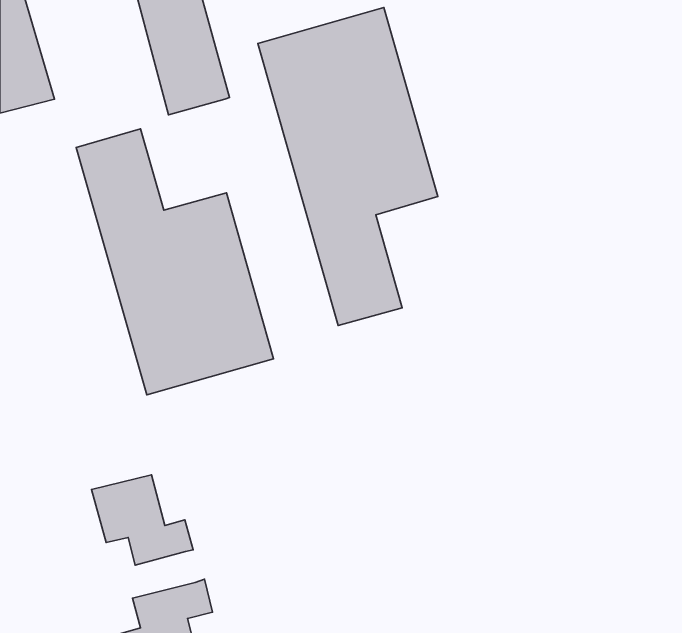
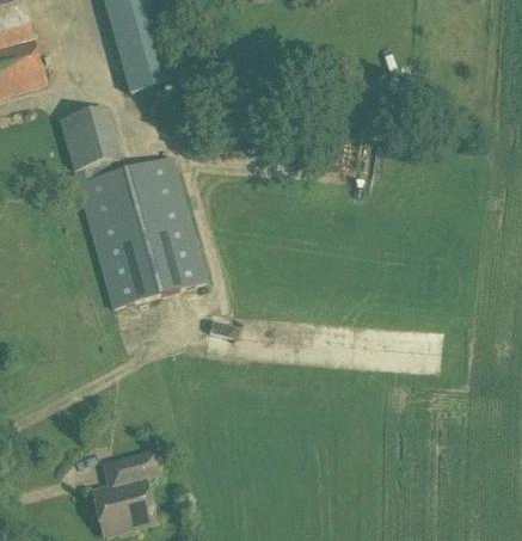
building: [258,7,438,326] -> none
building: [92,475,193,565] -> none

